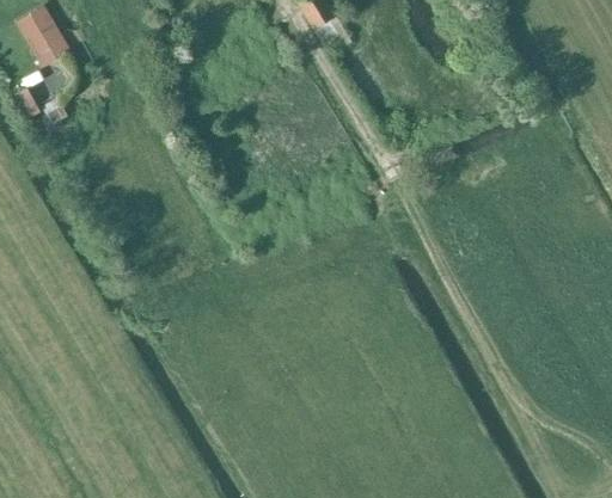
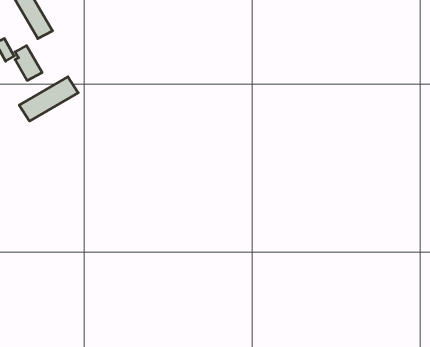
building: none -> [19,77,78,121]

